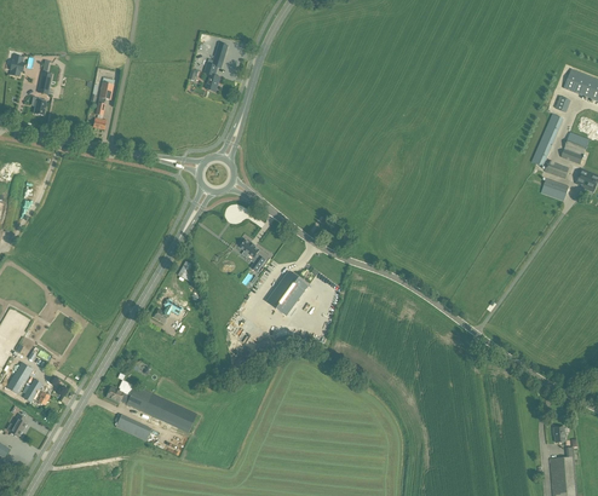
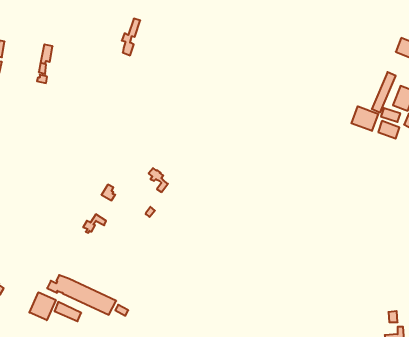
building: none -> [351,106,378,131]
building: [265,270,307,315] -> none
building: none -> [29,292,56,320]

